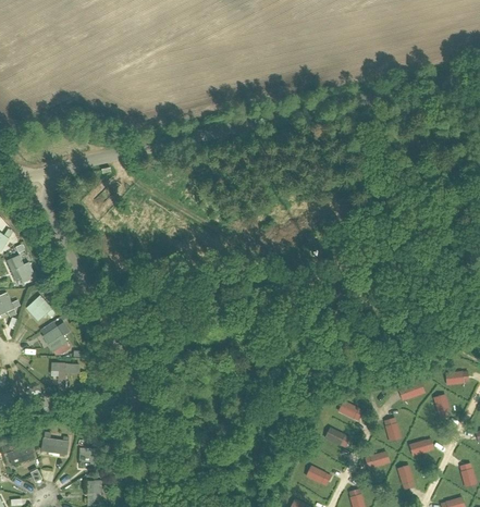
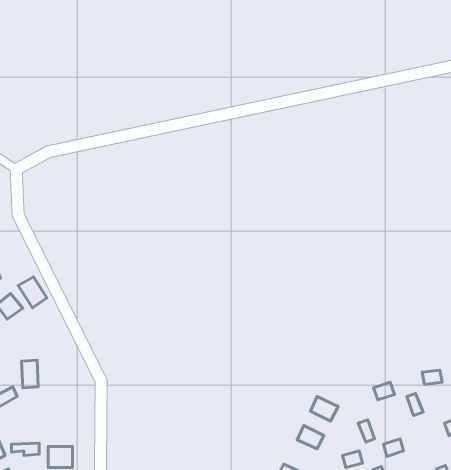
building: [44,326,72,357] -> [18,277,47,308]

